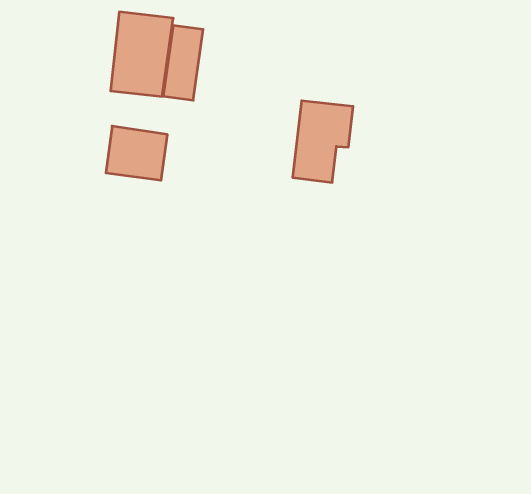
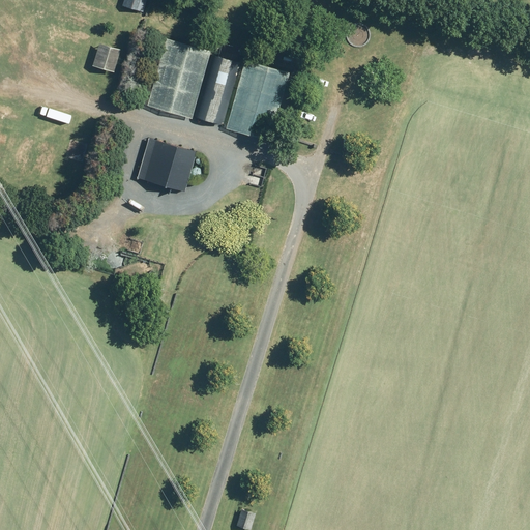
building: none -> [88,42,116,71]
building: [293,101,353,182] -> [228,62,290,138]

